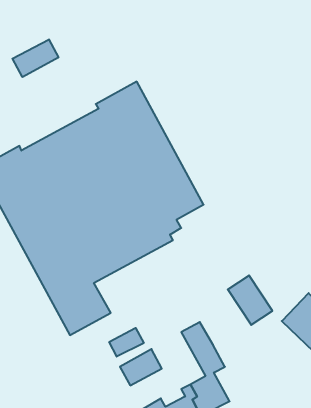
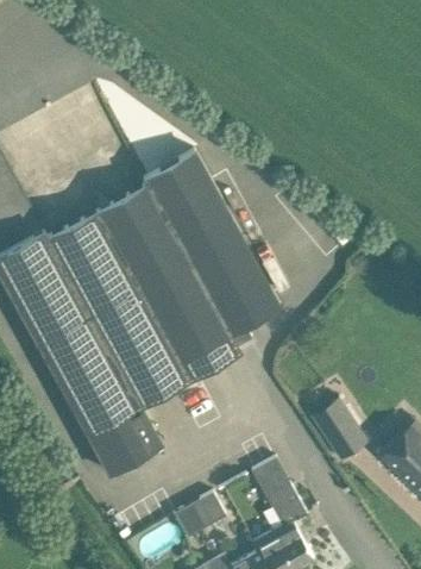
building: [12,39,58,77] -> none
building: [109,328,144,357] -> none

